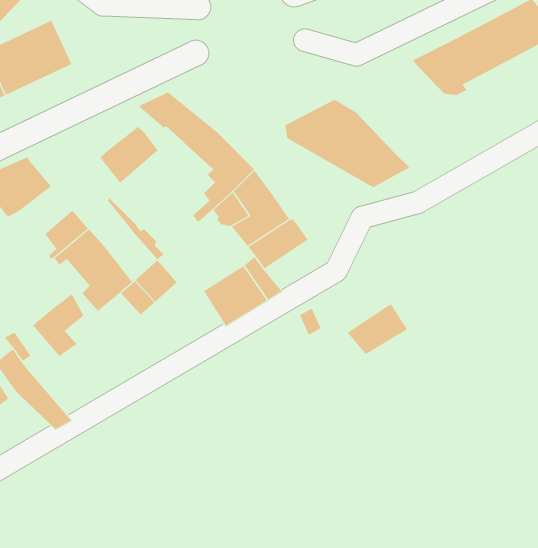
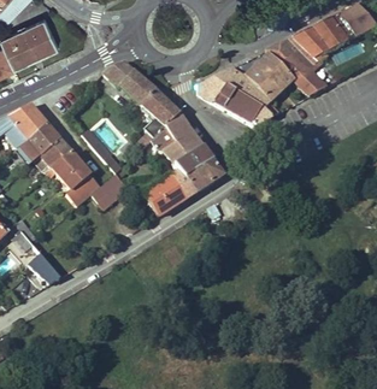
building: none -> [243,43,341,104]
building: [100,126,159,184] -> [19,125,58,163]
building: [32,293,84,357] -> none
building: [347,303,408,355] -> [183,160,223,194]

